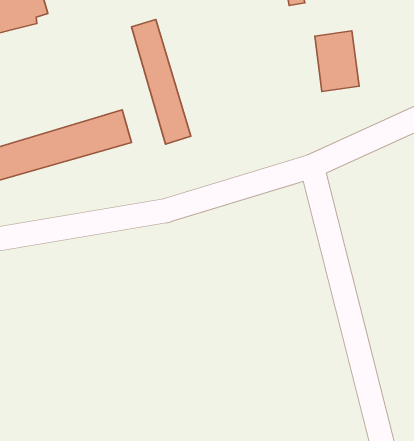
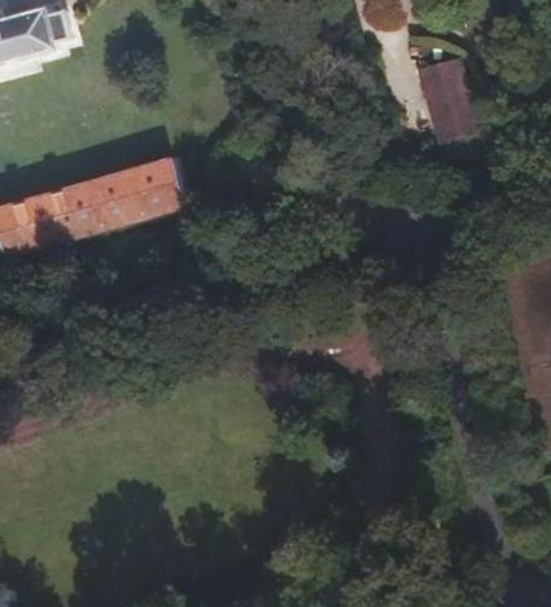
building: [132,20,191,144] -> none

